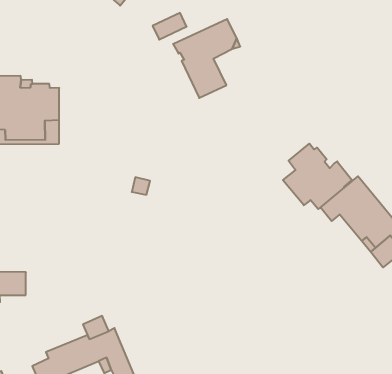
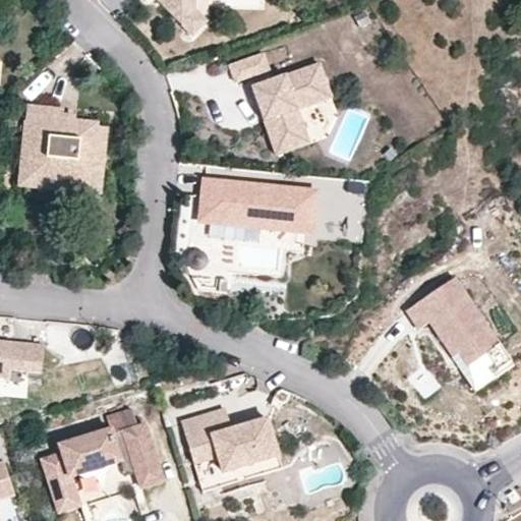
building: none -> [202,180,315,232]
building: [283,144,352,209] -> none
building: none -> [179,406,279,474]

